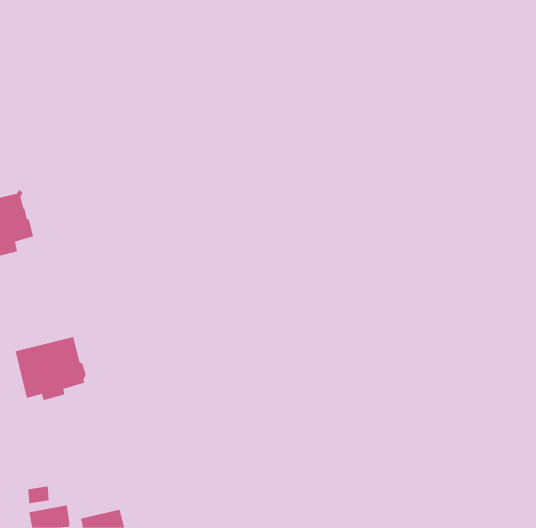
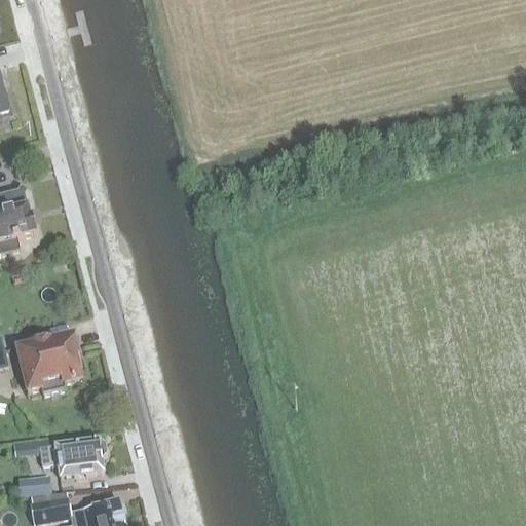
building: none -> [37,435,107,475]

